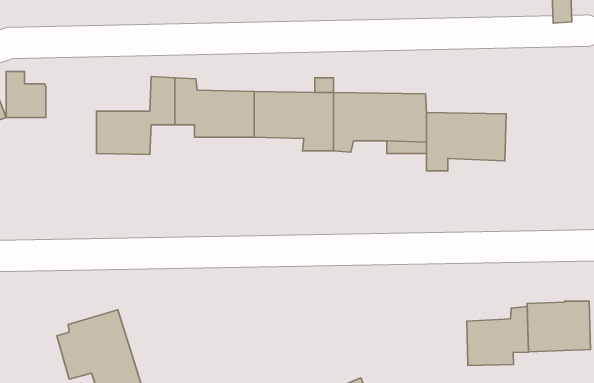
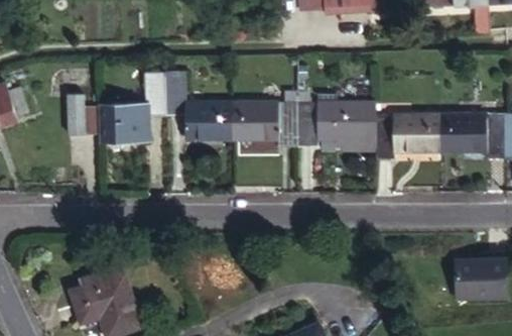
building: [6,71,46,117] -> [72,97,104,134]
building: none -> [435,111,502,159]
building: [467,307,528,366] -> none

